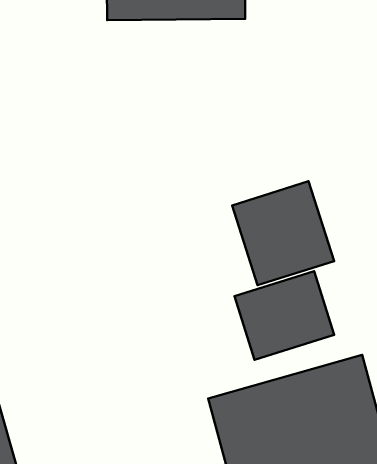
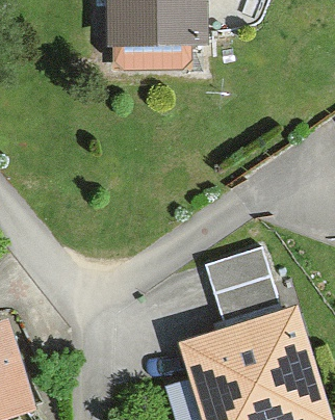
building: [232,181,334,285] -> none

